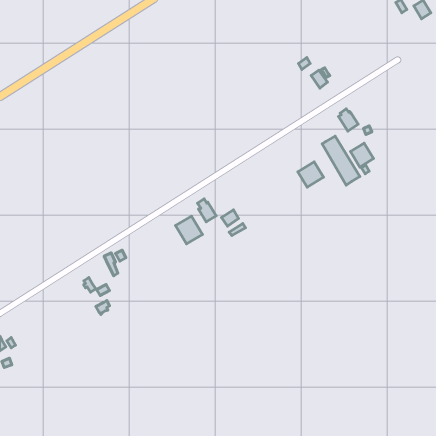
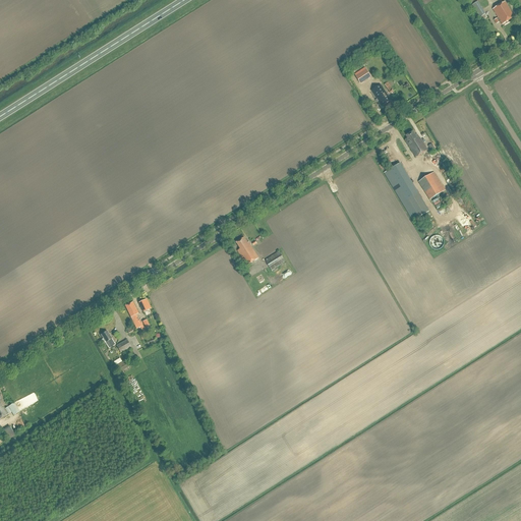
building: [298,162,324,187] -> none
building: [176,216,203,244] -> none

